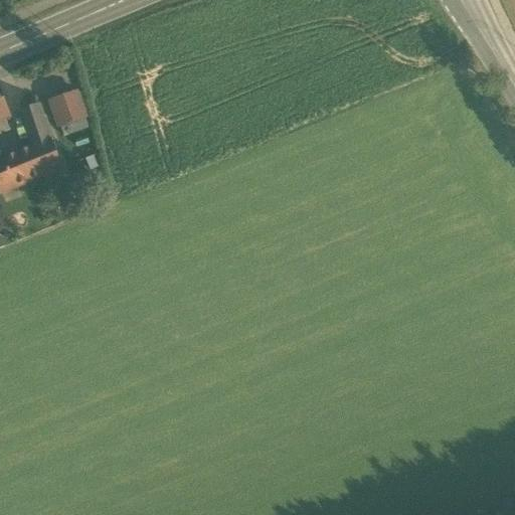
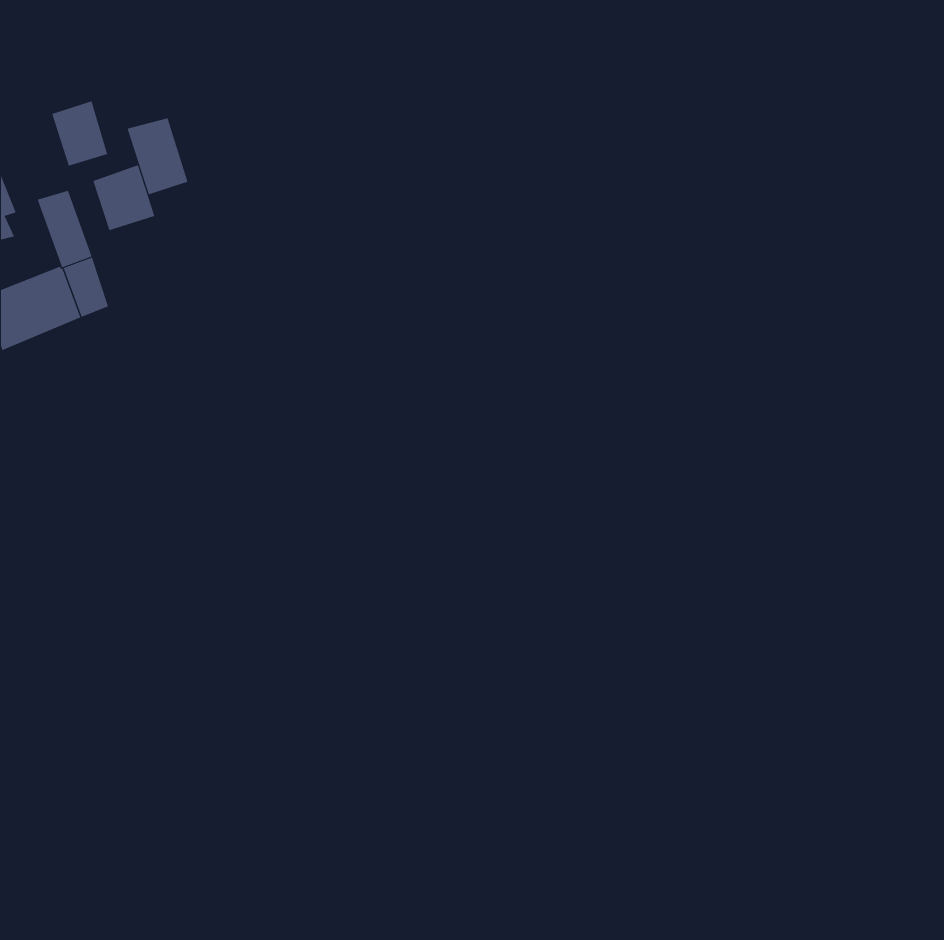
building: none -> [51,101,108,166]
building: none -> [127,117,188,195]

